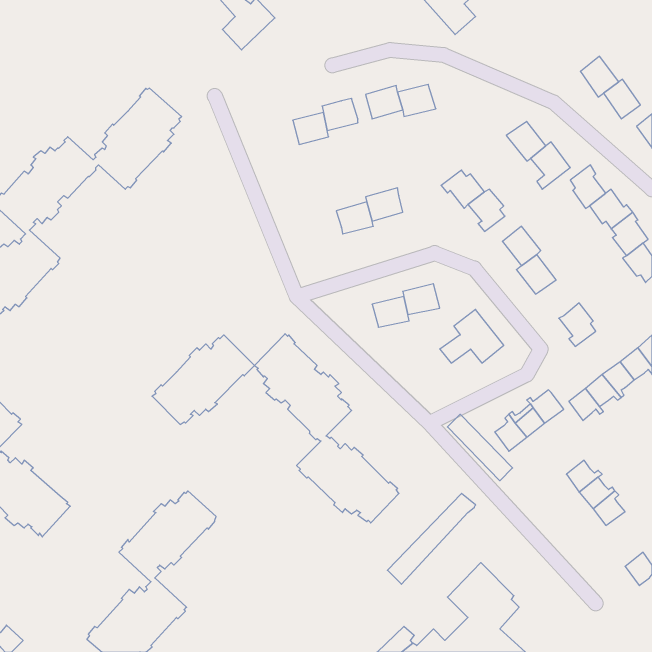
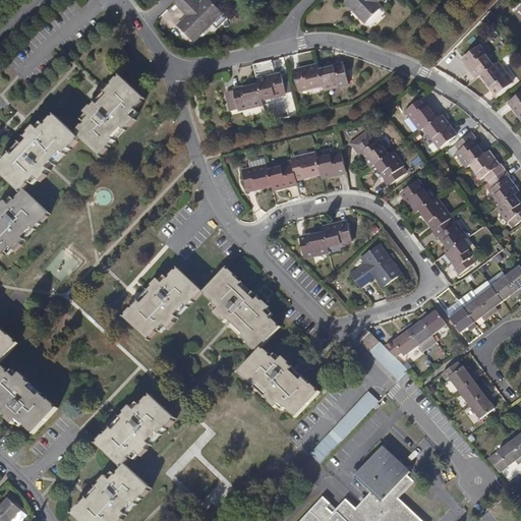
building: none -> [317,150,343,174]
building: none -> [242,162,272,187]
building: none -> [429,220,465,251]

